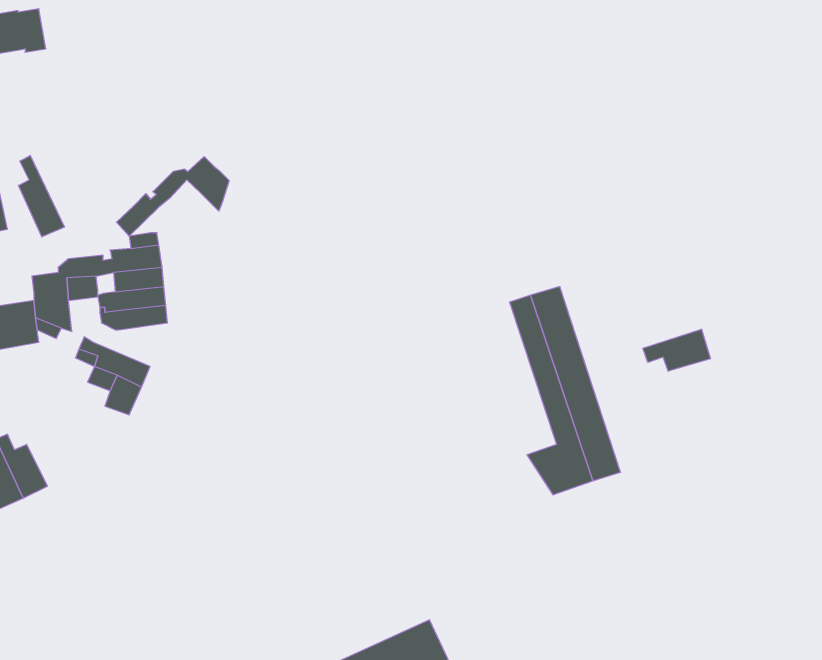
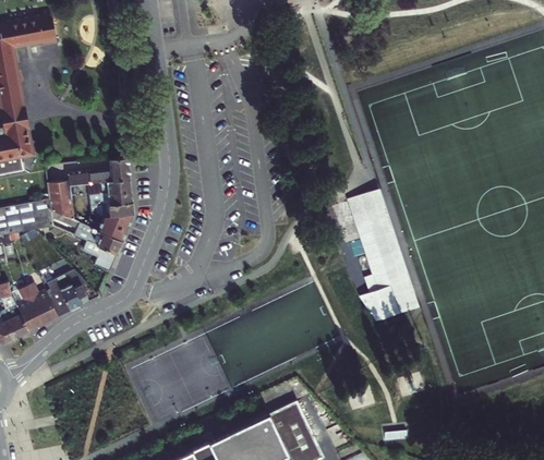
building: [18,155,64,237] -> none
building: [116,157,229,236] -> none
building: none -> [86,214,133,241]
building: [643,329,711,371] -> none
building: none -> [56,271,85,314]

